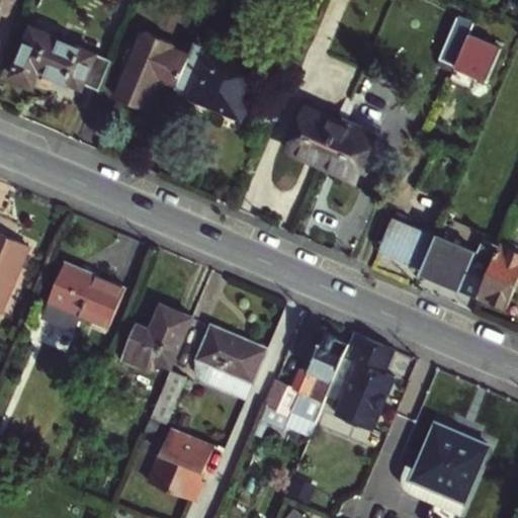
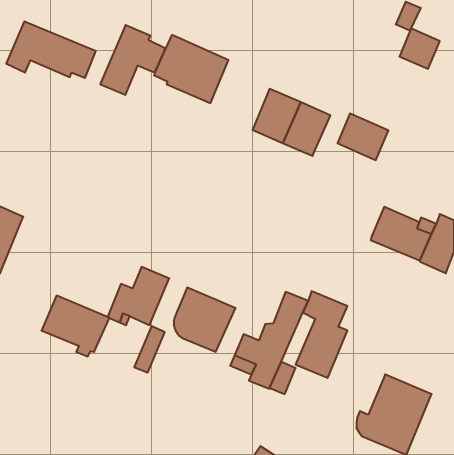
building: [376,218,434,270] -> [337,113,388,160]
building: [48,264,124,333] -> [41,296,109,356]
building: [149,426,210,499] -> none

